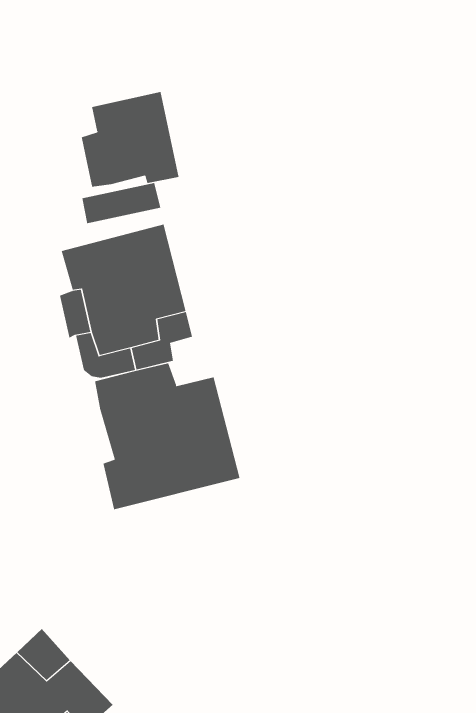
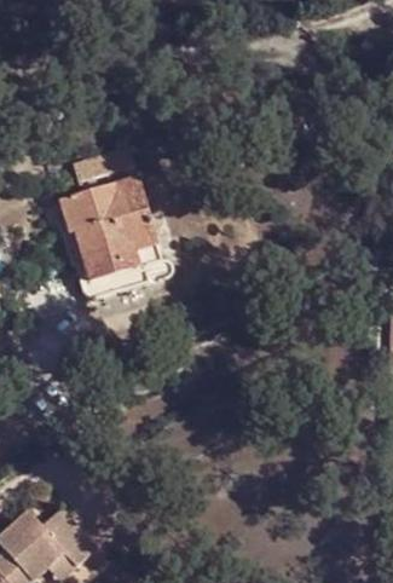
building: [81,91,179,187] -> none
building: [95,363,240,510] -> none

